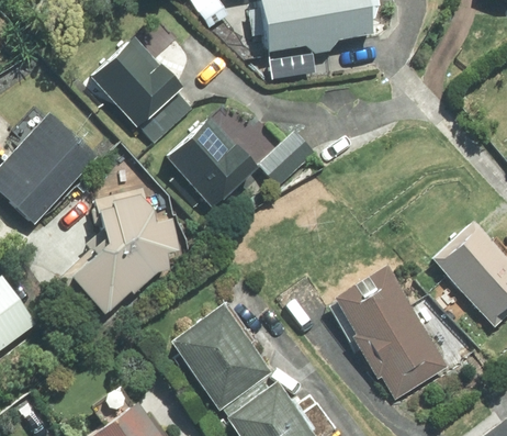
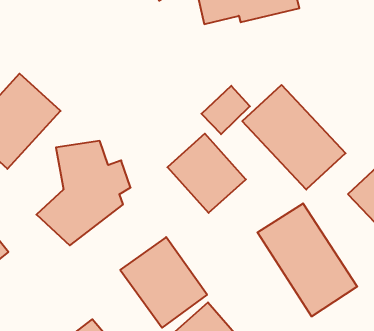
building: [93,36,199,142] -> none
building: [167,112,259,205] -> [167,134,246,213]
building: none -> [242,85,346,190]

